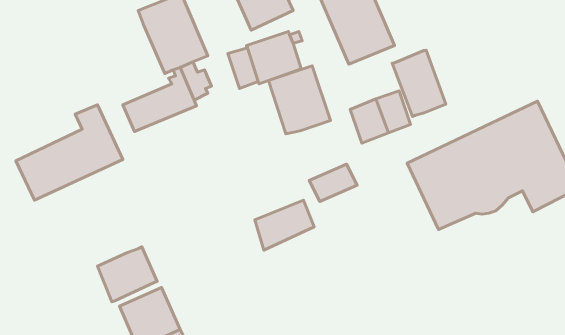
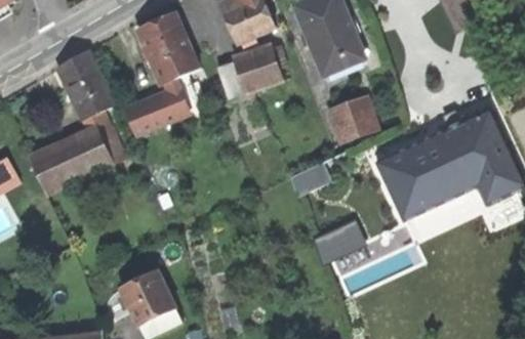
building: none -> [55,50,113,120]
building: [392,50,446,116] -> none
building: [269,66,330,134] -> none
building: [255,200,314,250] -> [311,221,363,265]
building: [98,247,157,302] -> none

